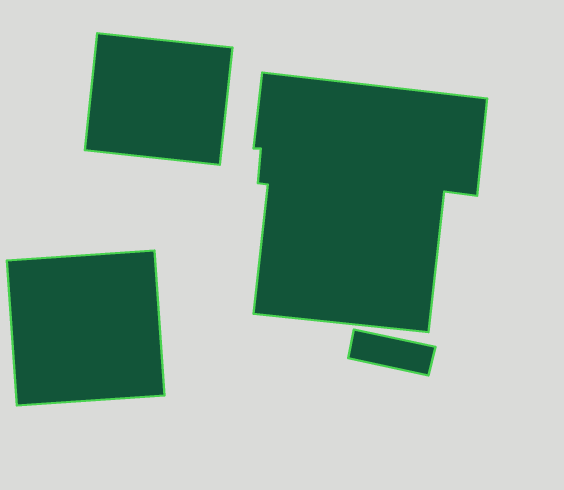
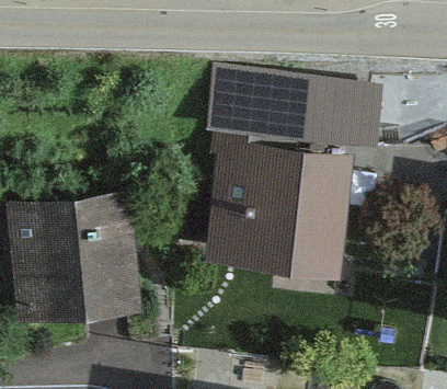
building: [85,33,232,165] -> none

